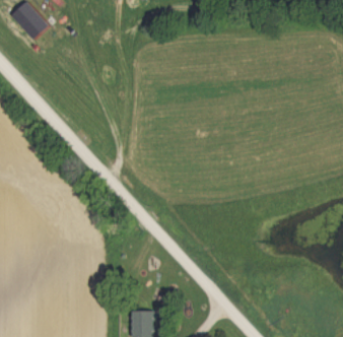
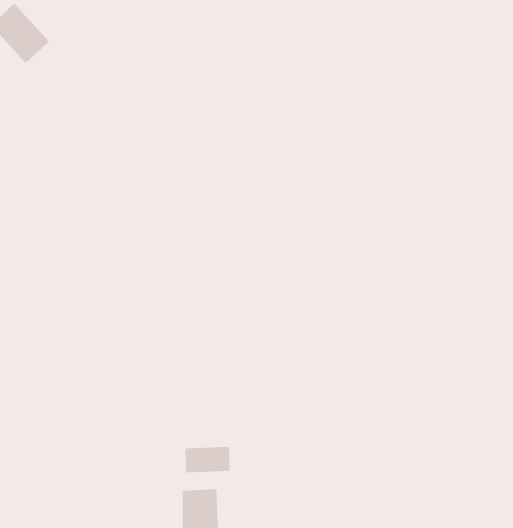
building: none -> [185,446,230,473]

